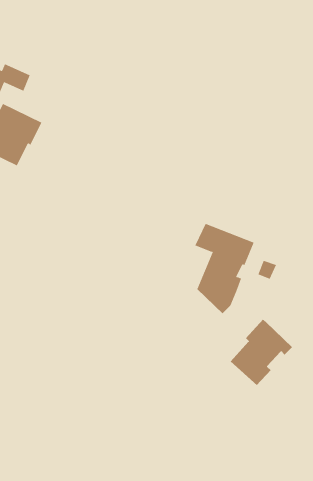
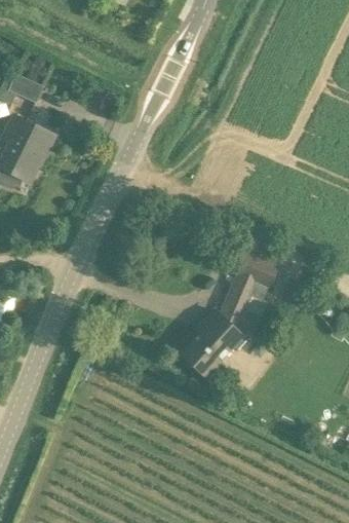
building: [230,319,293,386] -> [179,309,245,380]

